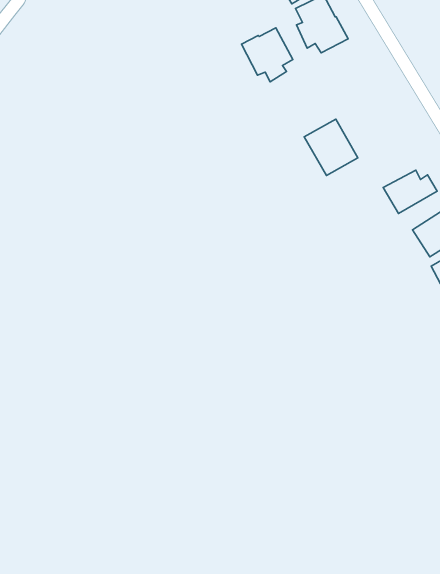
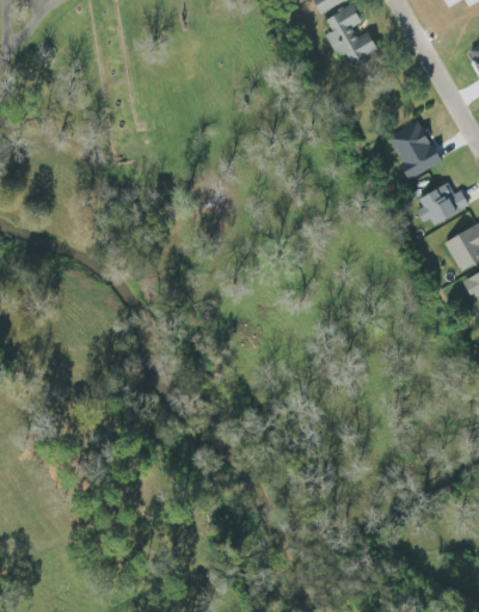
building: [241,28,293,82] -> none
building: [304,119,358,176] -> [387,121,442,178]

